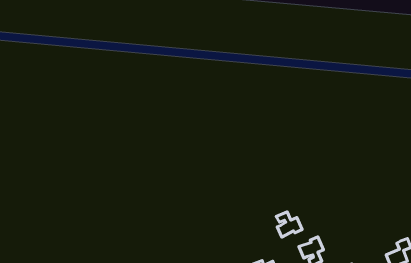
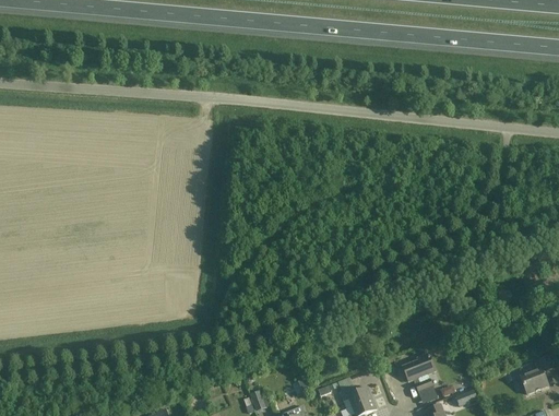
building: [276,212,302,237] -> none

